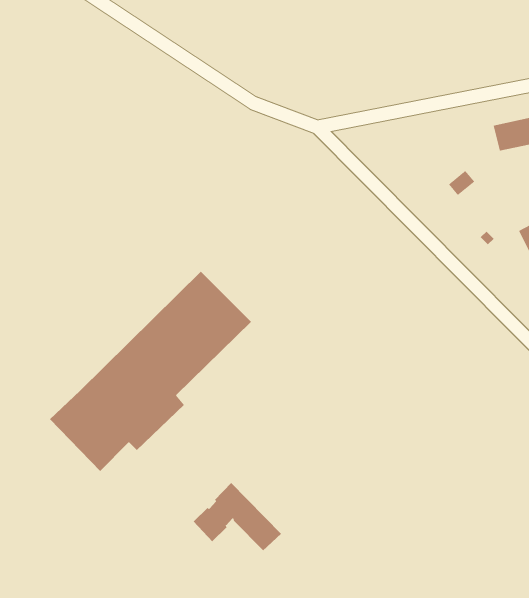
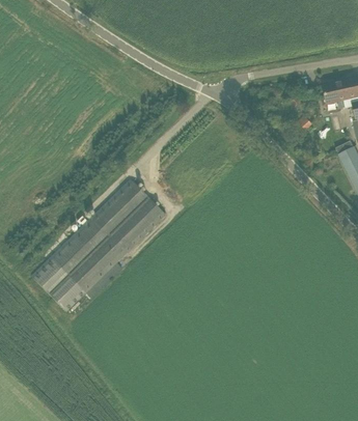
building: [193,482,282,551] -> none

